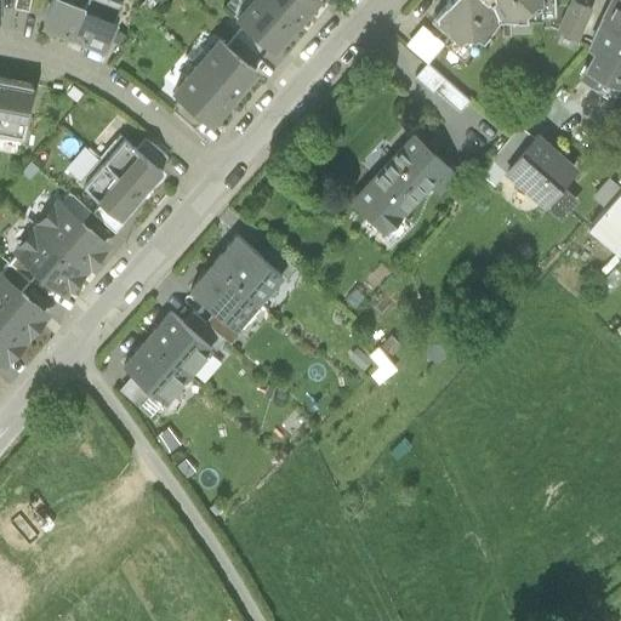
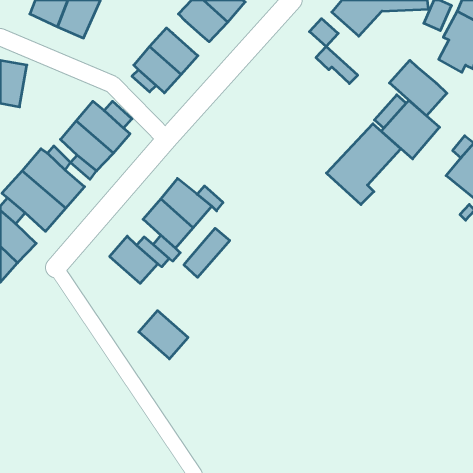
building: [228,29,267,68] -> none
building: none -> [389,60,447,116]
building: [348,136,445,241] -> [326,124,401,205]
building: none -> [184,228,230,277]
building: [121,337,186,400] -> [139,311,188,359]

